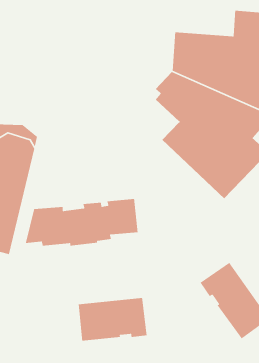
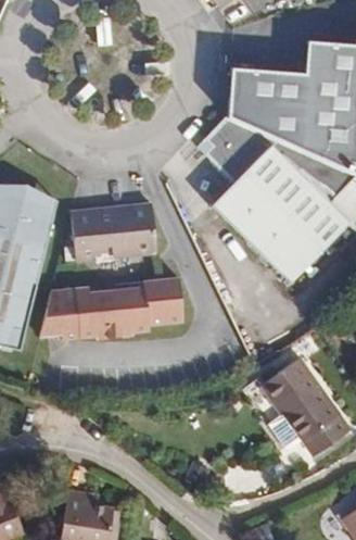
building: none -> [71,204,156,261]
building: [78,297,147,341] -> none

